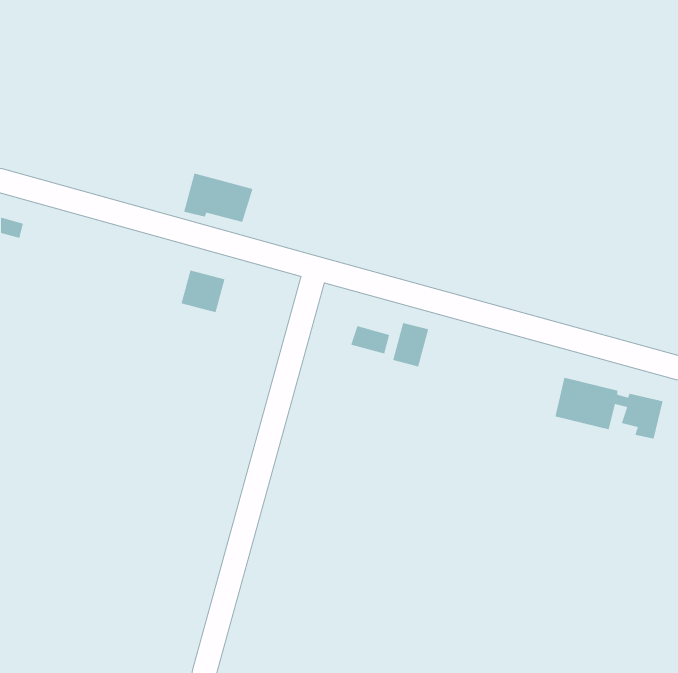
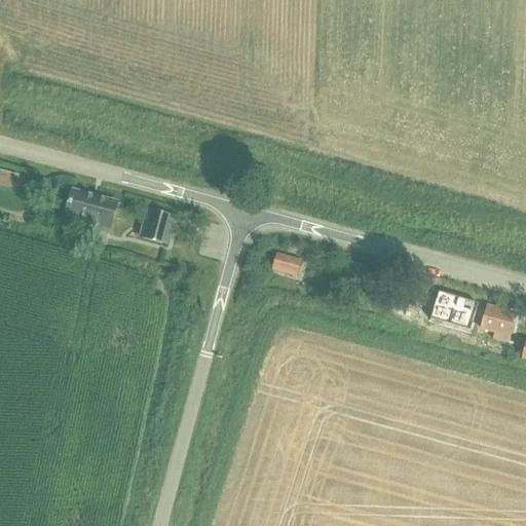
building: [183,172,253,223] -> [64,188,118,227]
building: [392,322,429,367] -> none

